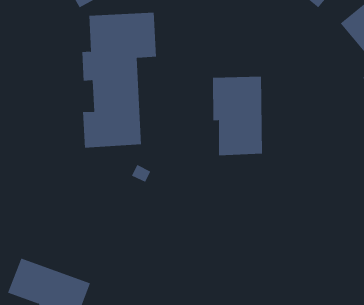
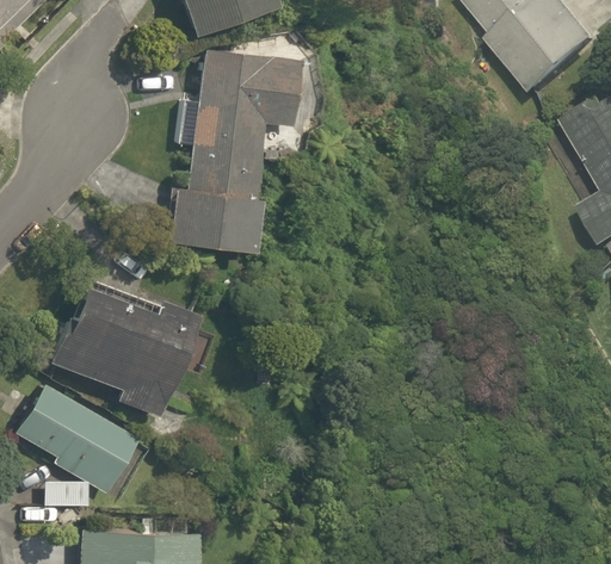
building: [213,76,262,156] -> none
building: none -> [51,285,197,417]

